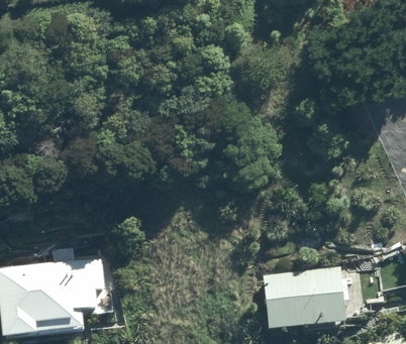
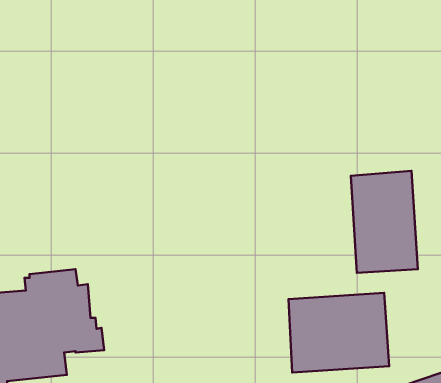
building: none -> [351,171,418,273]

